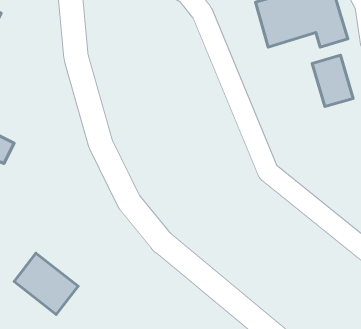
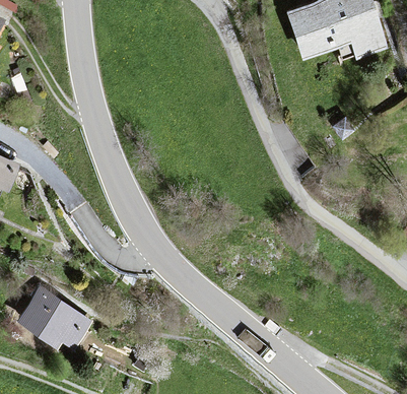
building: [312,55,353,107] -> none

